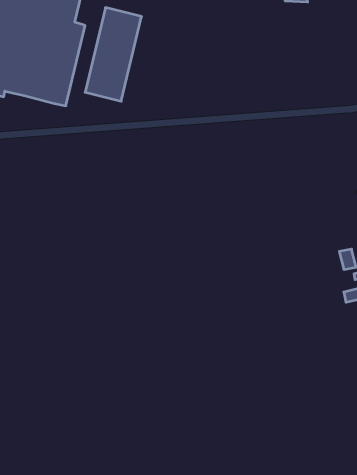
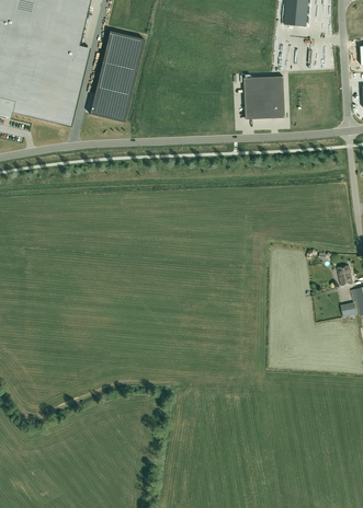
building: none -> [243,76,284,118]

